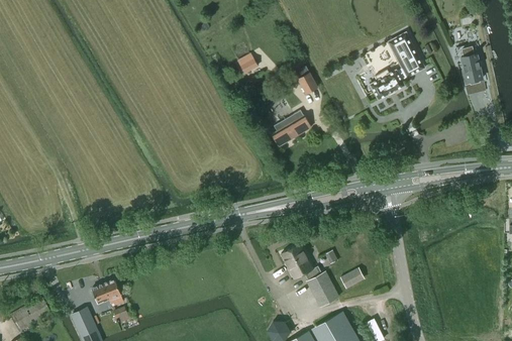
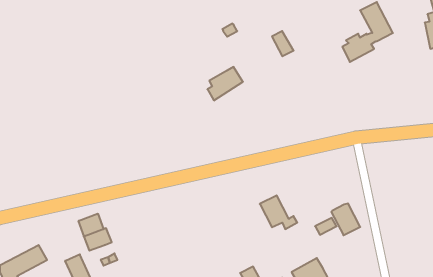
building: [272,111,310,147] -> [207,67,243,100]
building: none -> [79,214,103,236]
building: [307,272,338,307] -> [331,203,360,235]

